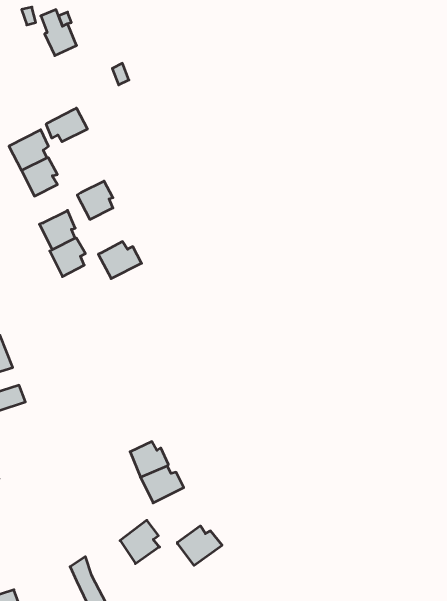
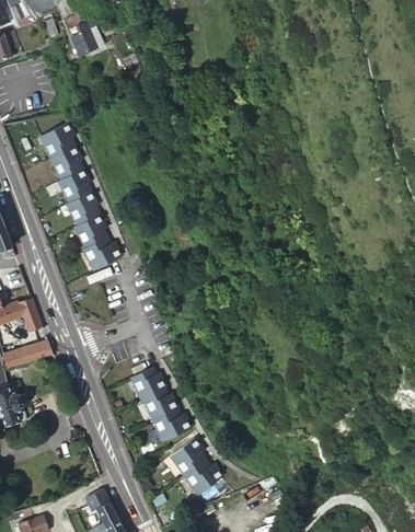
building: [46,108,87,142] -> none
building: [77,181,113,219] -> [57,167,88,200]
building: [98,242,142,279] -> [82,236,119,268]
building: none -> [131,370,164,398]
building: [120,520,160,564] -> [170,437,204,474]

